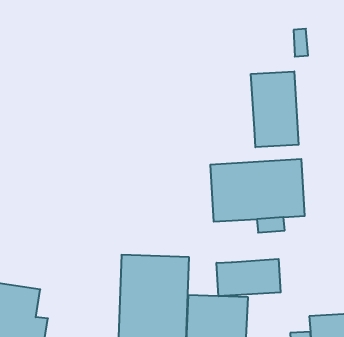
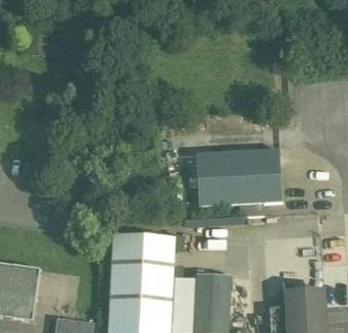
building: [251,71,299,147] -> none
building: [217,259,281,296] -> none

